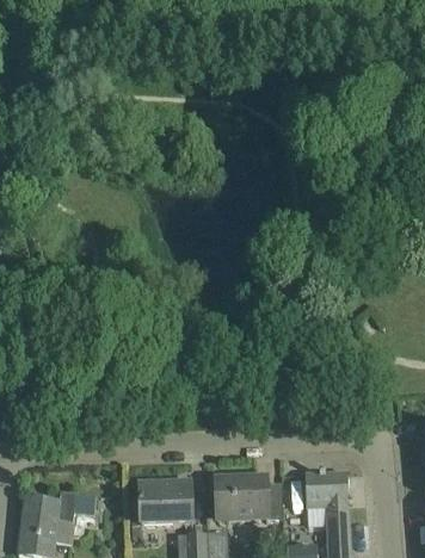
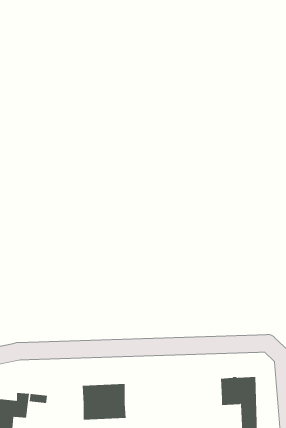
building: [216,477,283,517] -> none

